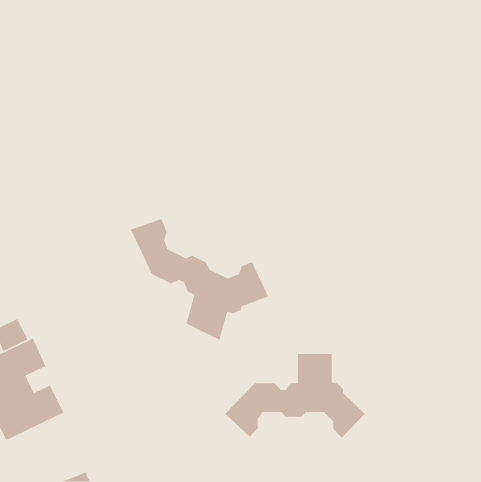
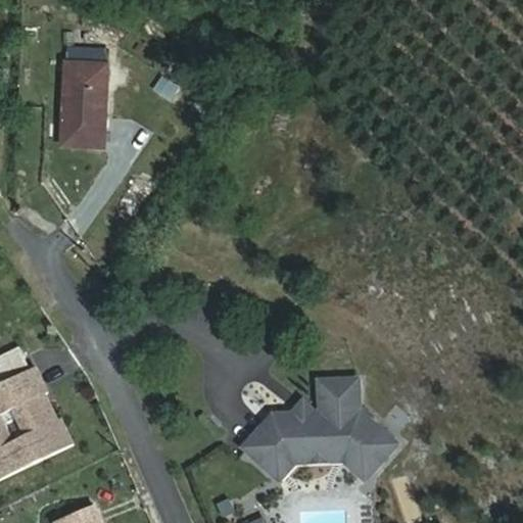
building: none -> [61,63,106,146]
building: [130,218,269,341] -> none

